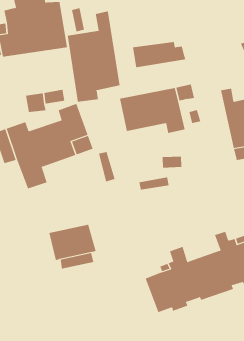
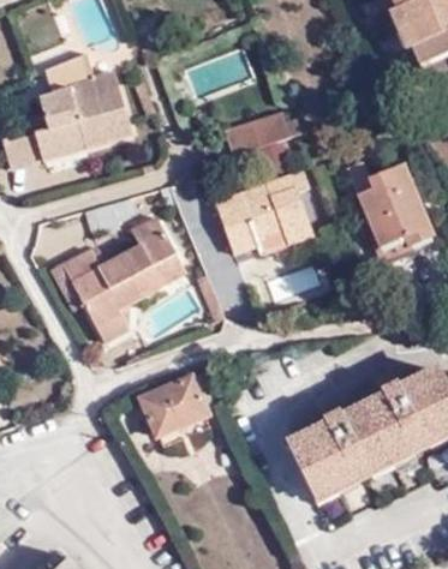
building: [67,11,120,103] -> none

